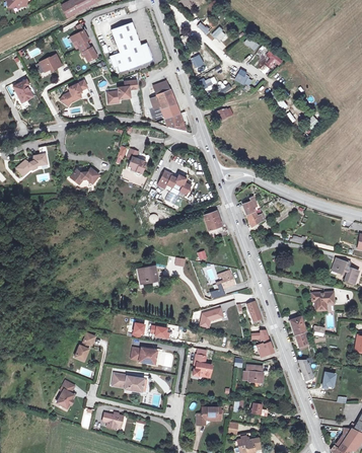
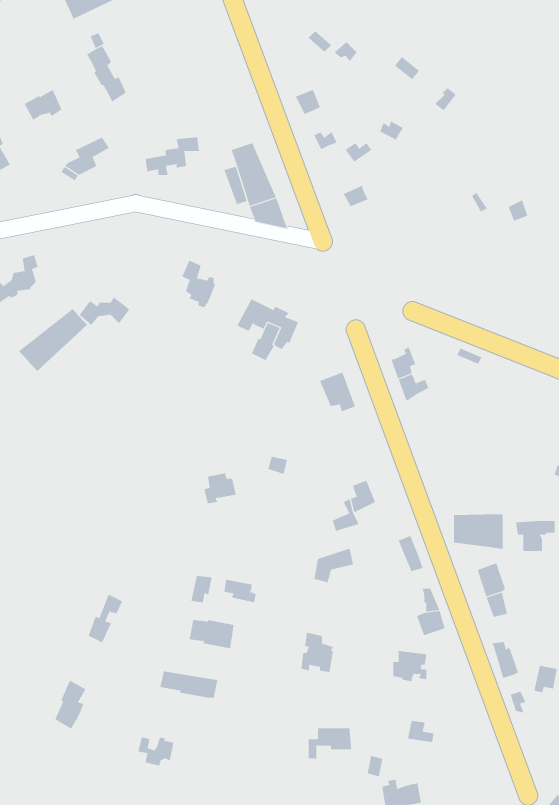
building: [110,21,153,71] -> none
building: none -> [18,308,88,372]
building: none -> [454,513,503,550]

